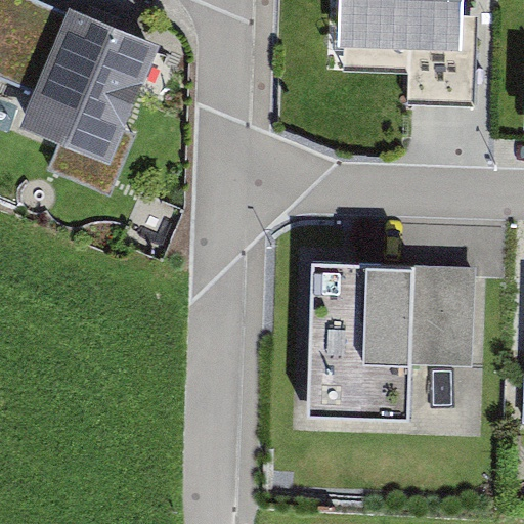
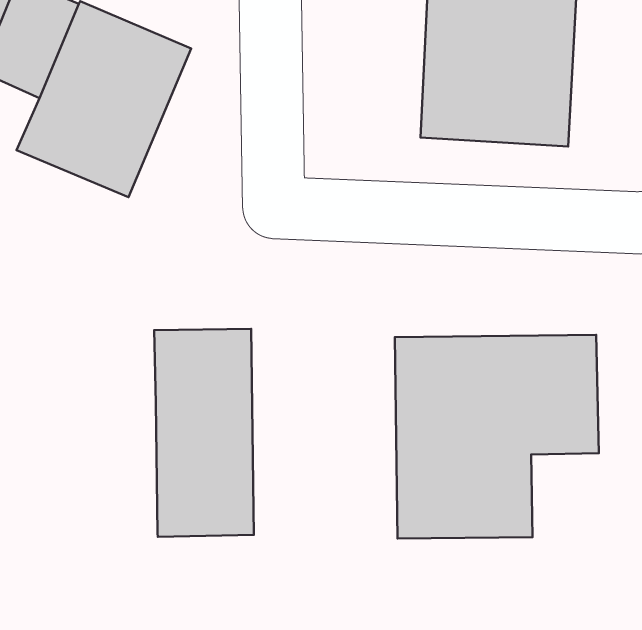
building: none -> [154,329,254,537]

